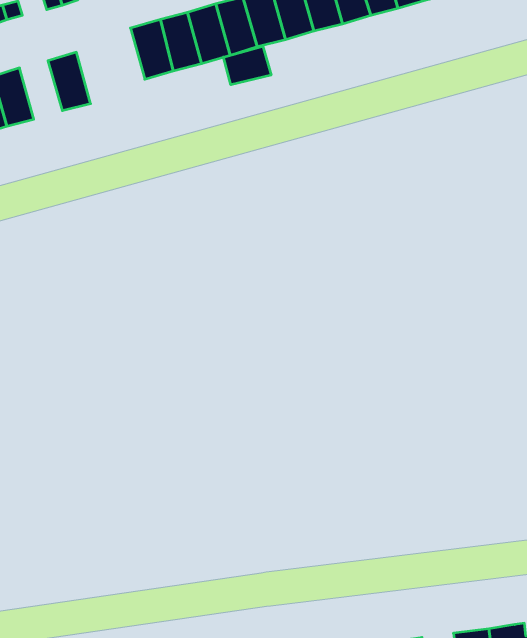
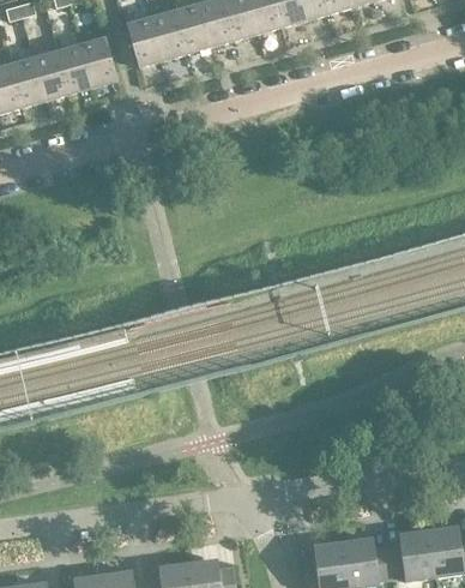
building: none -> [81,37,117,88]
building: [223,46,271,85] -> none
building: none -> [34,52,70,101]

